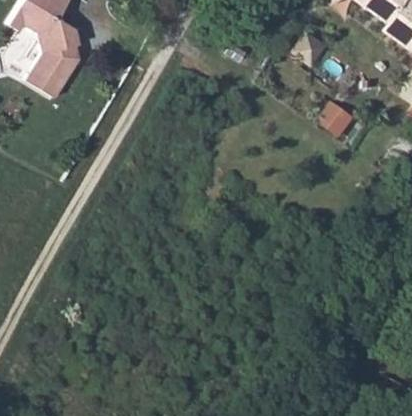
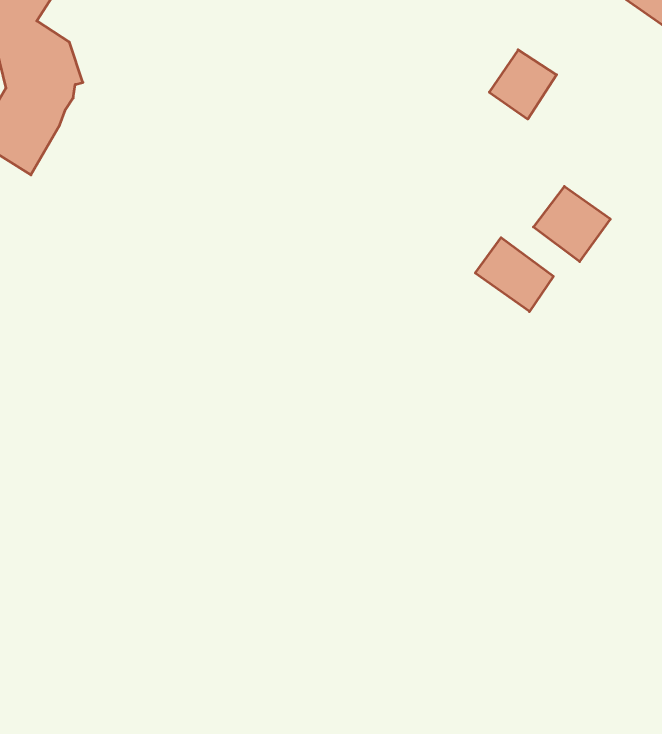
building: none -> [475,238,553,312]

